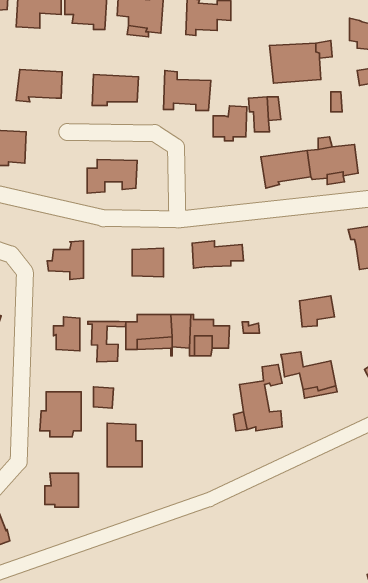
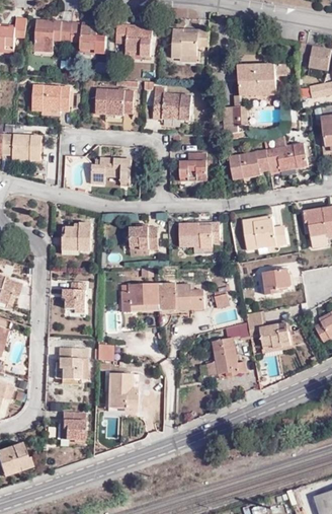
building: [213,106,247,141] -> [180,150,208,178]
building: none -> [242,218,287,249]
building: [88,322,126,362] -> none

